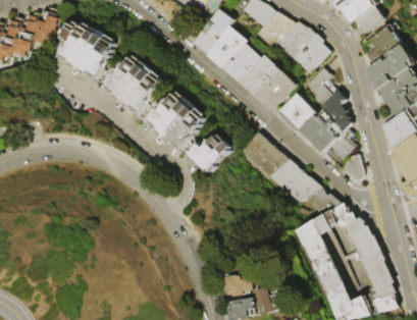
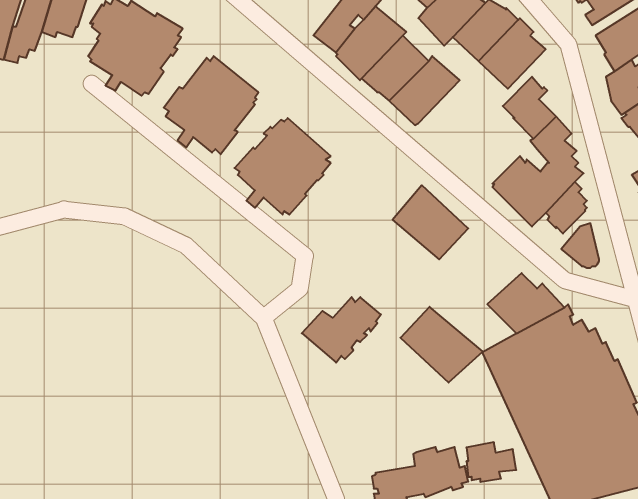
building: [256,69,297,110] -> none
building: [278,93,317,131] -> none
building: [185,135,231,173] -> [302,297,381,363]
building: [268,157,317,202] -> [400,307,483,383]
building: [225,273,255,297] -> [466,442,516,482]

